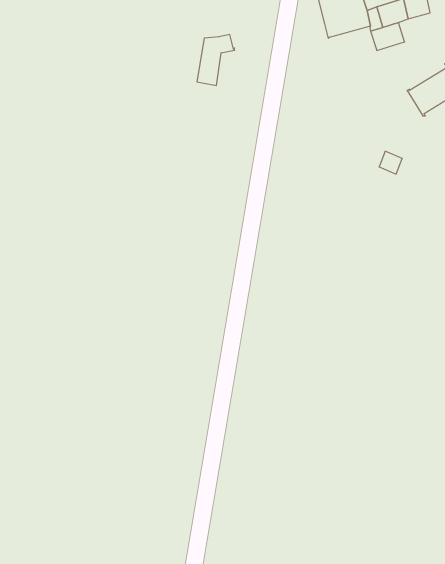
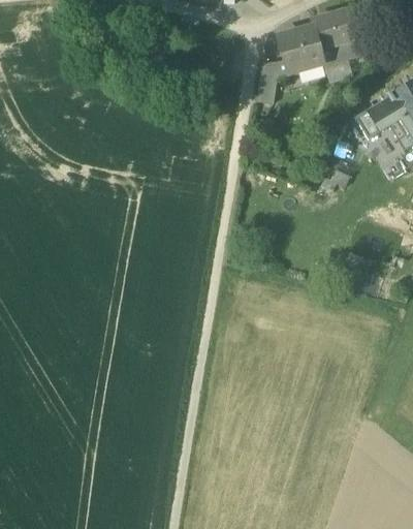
building: [197,35,235,86] -> [256,60,288,103]

